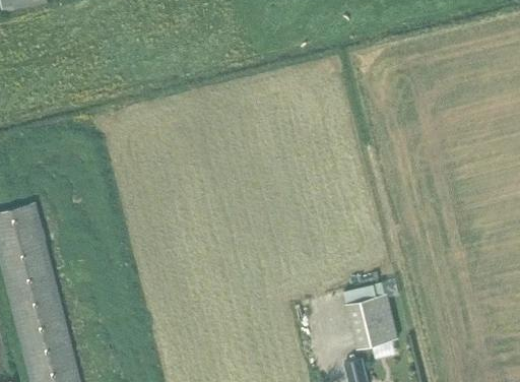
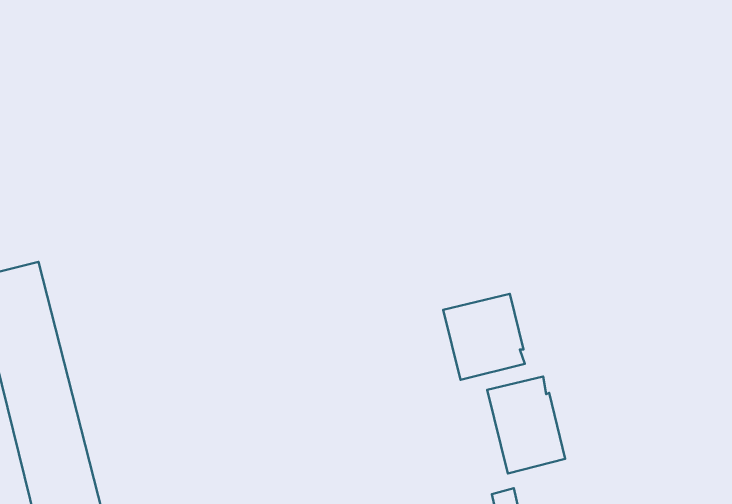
building: none -> [443,294,525,380]

